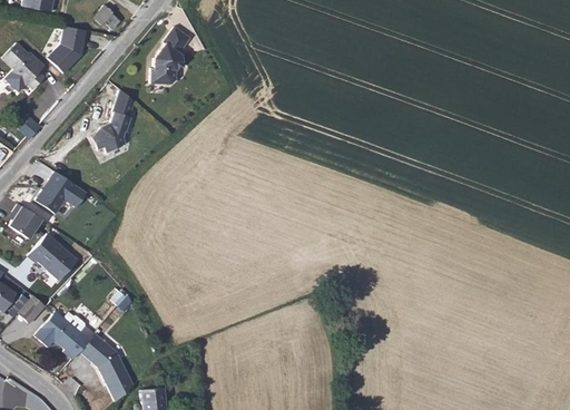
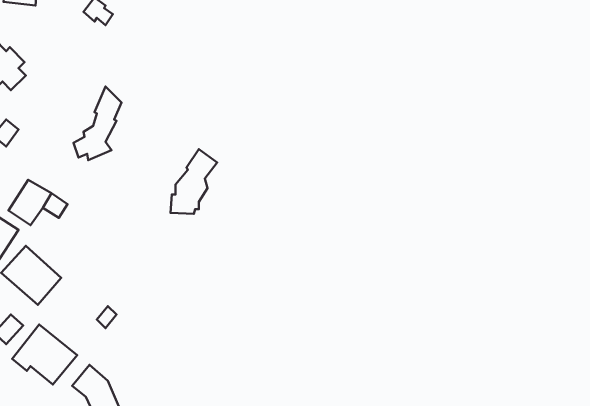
building: [49,25,87,72] -> none
building: [150,25,193,84] -> [171,149,217,214]

